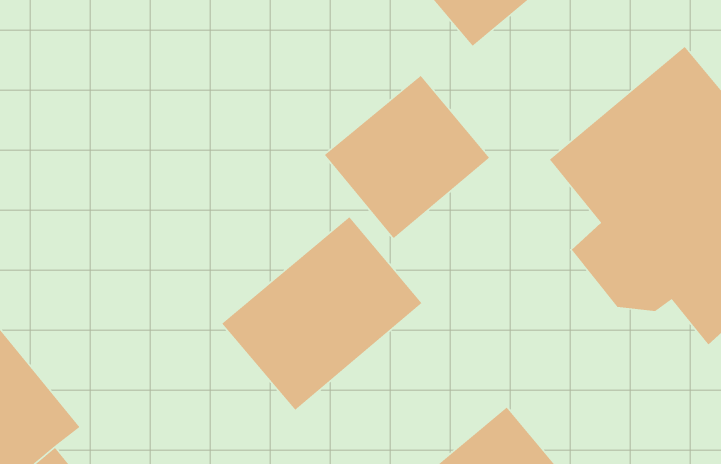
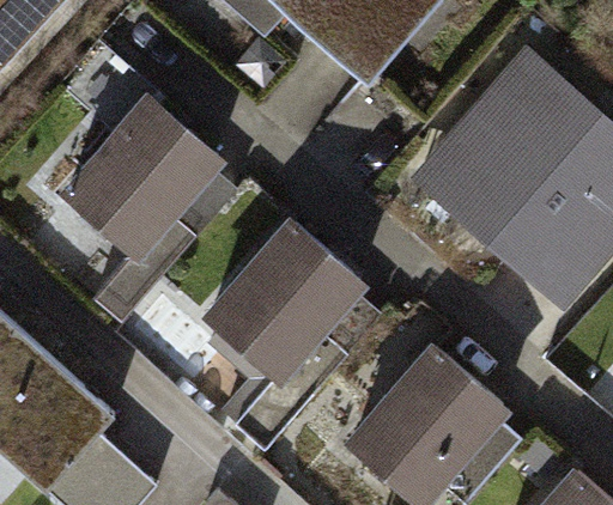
building: none -> [65,98,214,251]
building: [324,75,490,239] -> none

